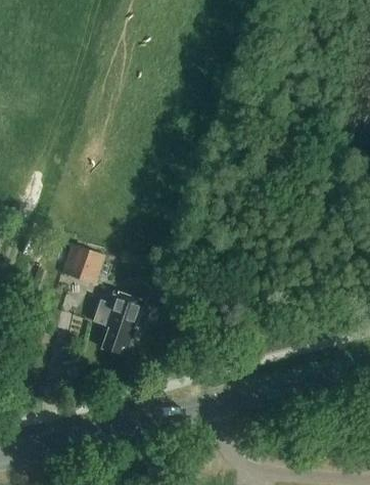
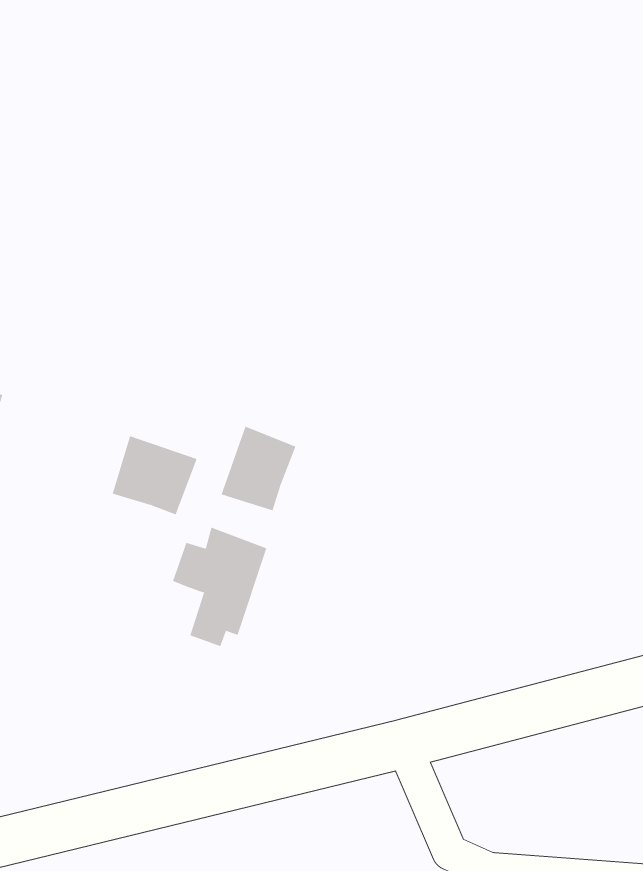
building: none -> [221,426,296,511]

